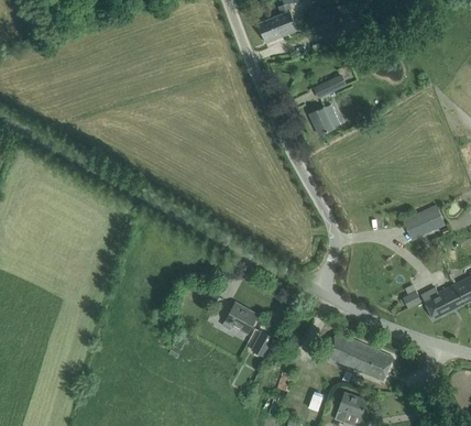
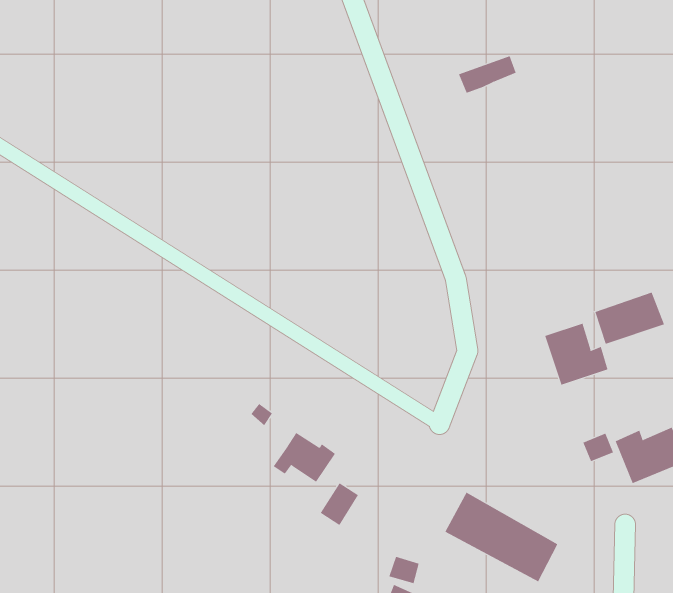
building: [309,105,341,134] -> none
building: none -> [545,323,608,386]

